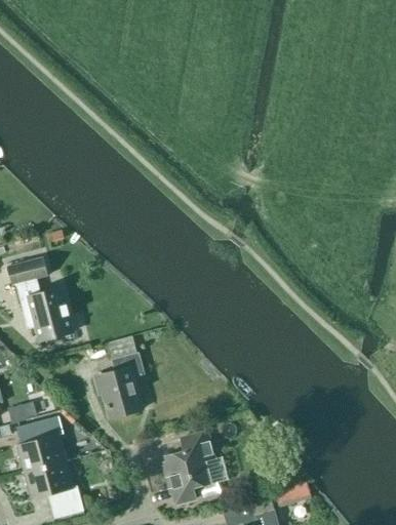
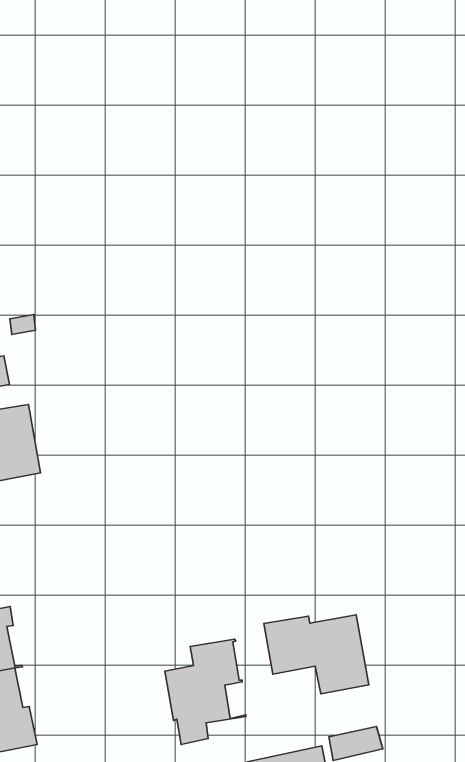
building: [94,352,145,417] -> none
building: none -> [264,615,369,694]

